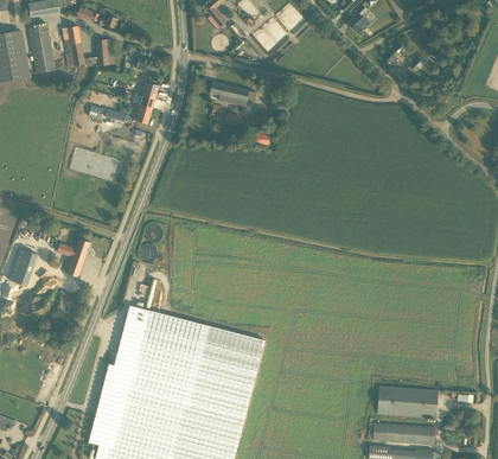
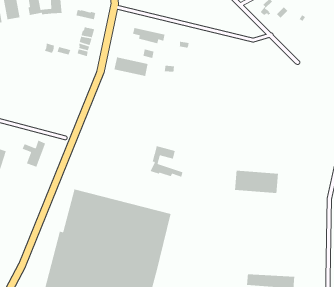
building: none -> [113,56,149,77]
building: none -> [150,145,184,178]
building: [376,384,438,417] -> [234,170,279,194]

